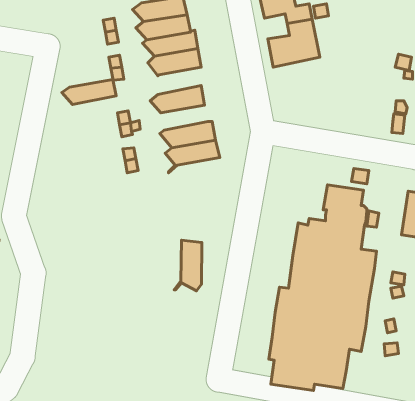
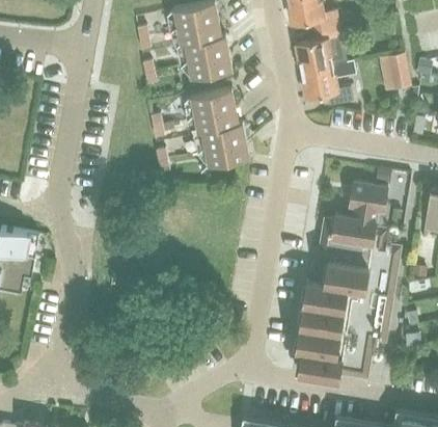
building: none -> [385,51,409,88]
building: none -> [300,60,354,104]
building: [62,80,116,105] -> [186,107,238,131]
building: [174,240,202,291] -> none

